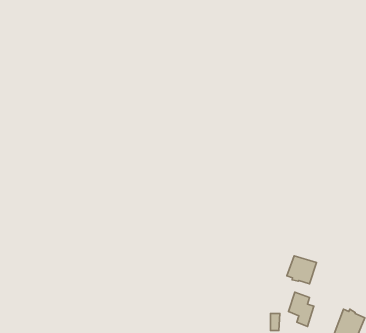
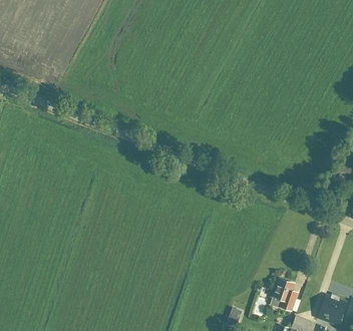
building: [287,256,316,284] -> none

